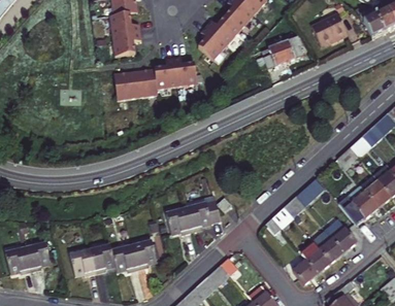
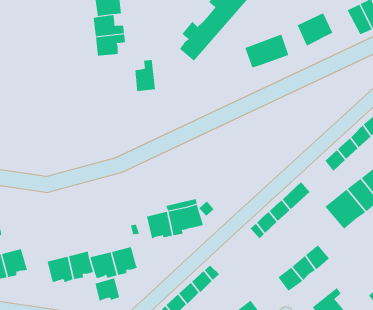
building: [172,59,194,89] -> none
building: [113,70,158,100] -> none
building: [325,218,357,251] -> none
building: none -> [95,278,120,302]

